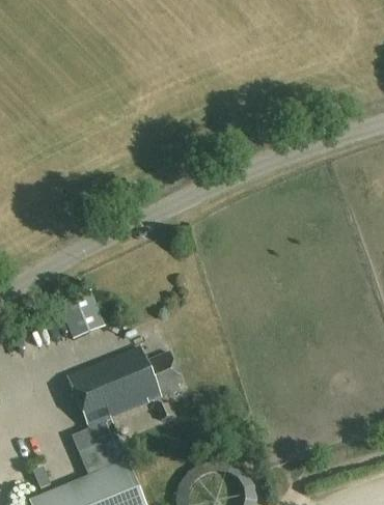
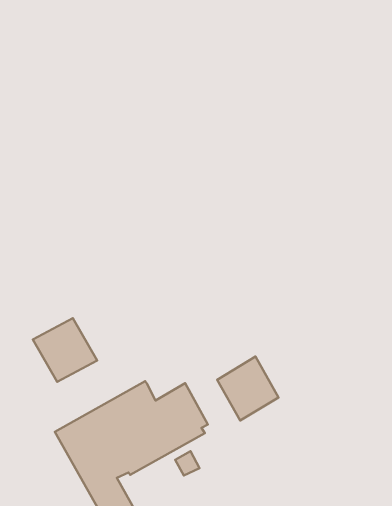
building: none -> [217,357,279,421]

